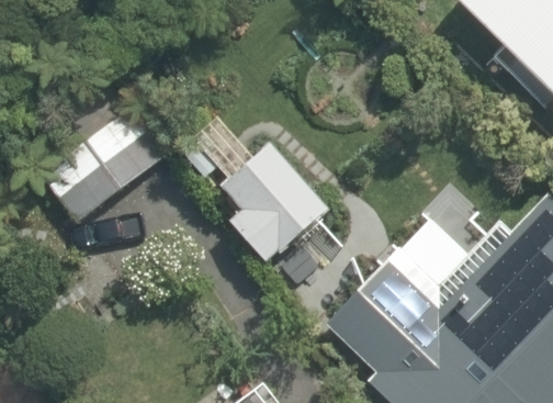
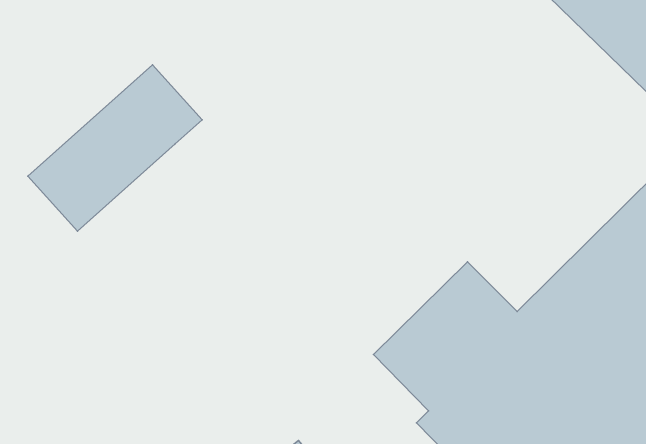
building: [192,121,335,266] -> none

